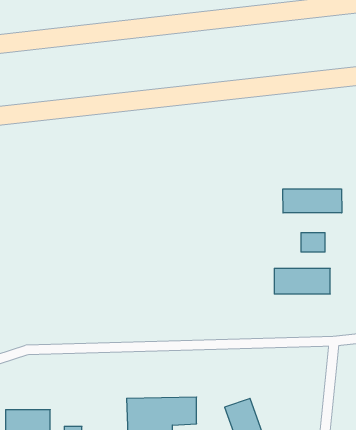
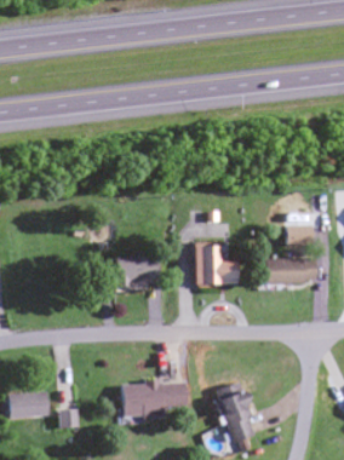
building: [283,189,342,213] -> none
building: none -> [197,246,237,286]
building: none -> [114,258,161,284]

